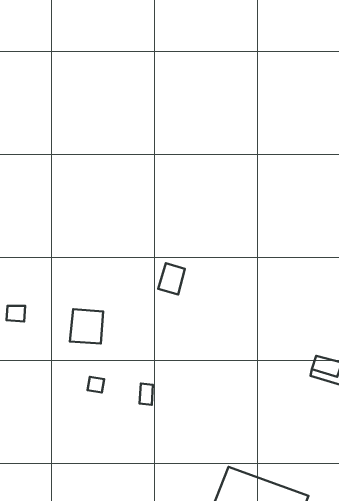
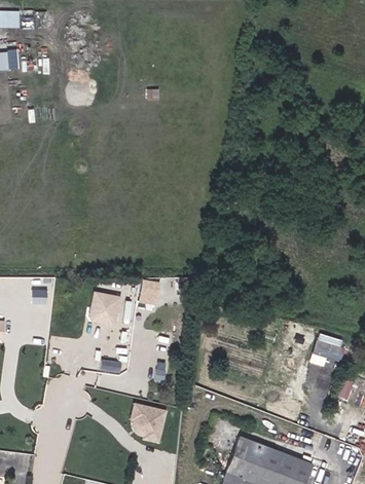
building: [158,263,185,294] -> [140,276,165,305]
building: none -> [133,402,171,442]

